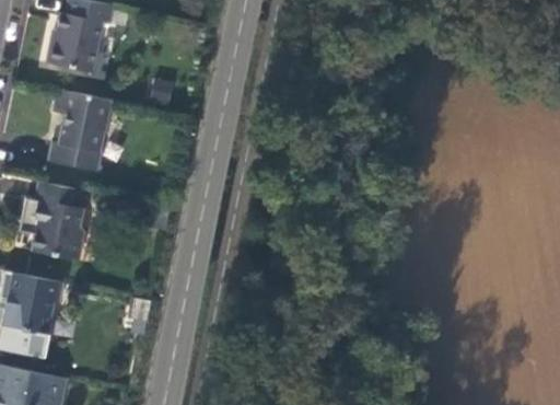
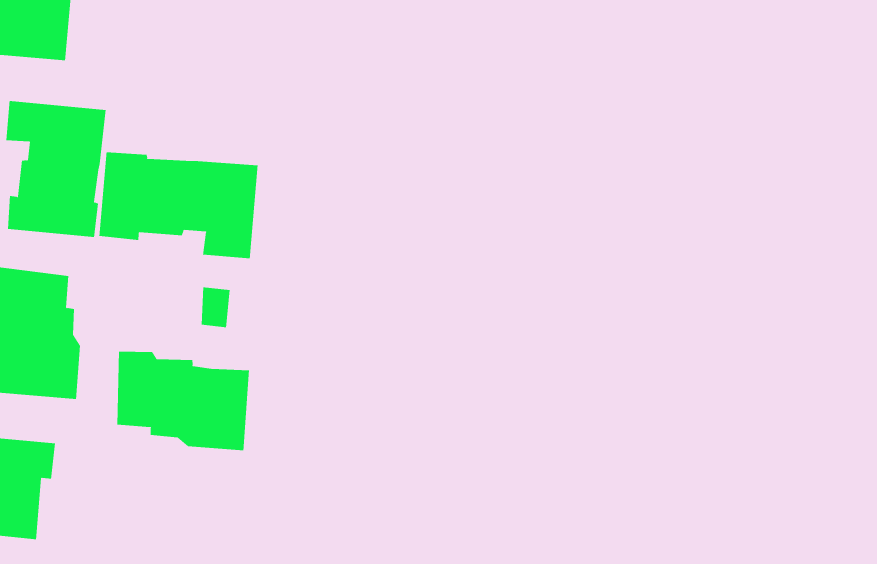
building: none -> [99,151,258,259]
building: none -> [117,351,249,451]

